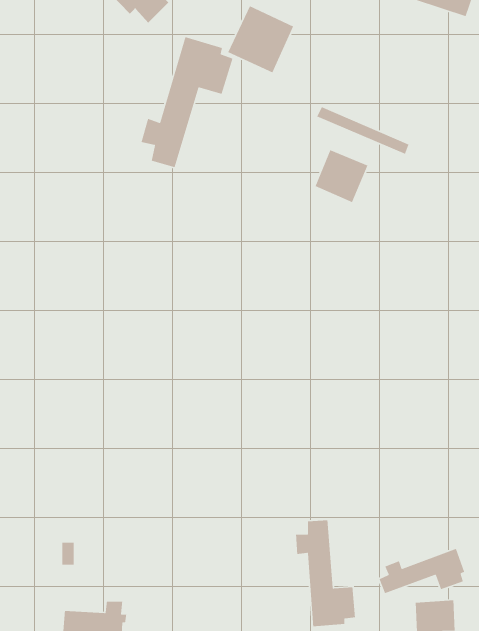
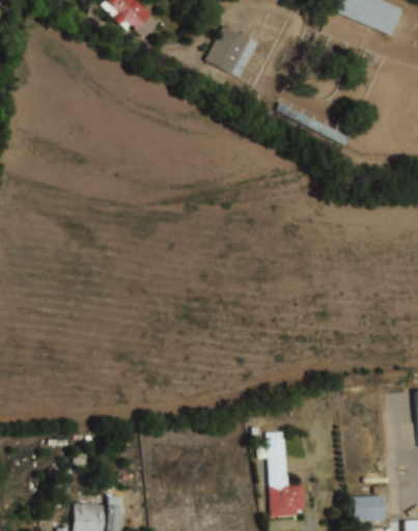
building: [140,36,234,168] -> none
building: [315,149,369,203] -> none
building: [379,548,465,594] -> none

